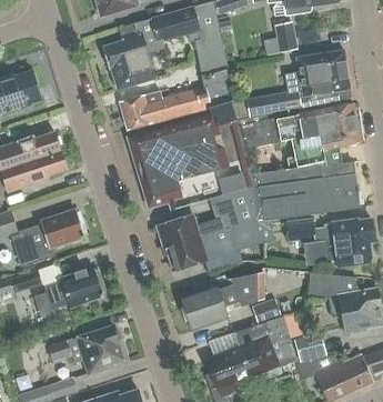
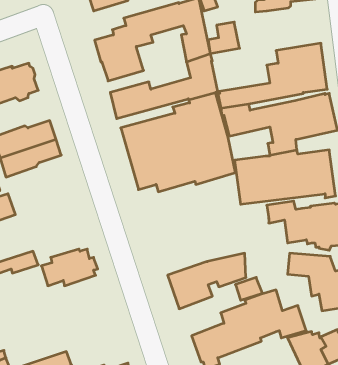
building: [263,21,296,54] -> [208,22,240,53]
building: [154,188,260,273] -> none
building: [11,209,84,267] -> none
building: [47,324,123,374] -> none

